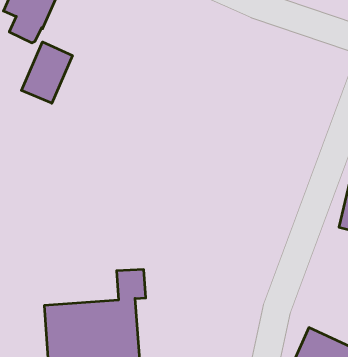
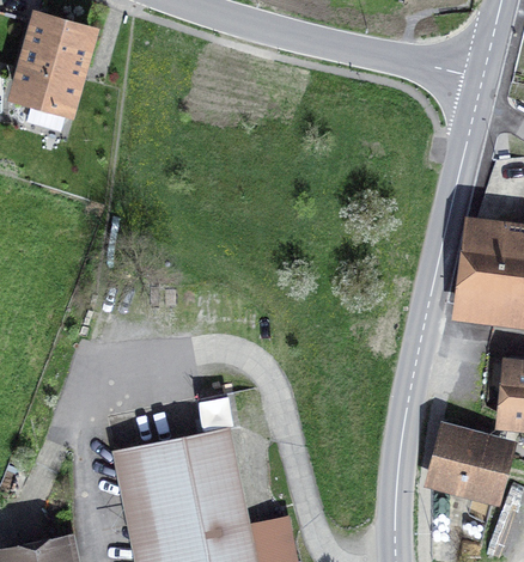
building: [21,42,72,103] -> none

